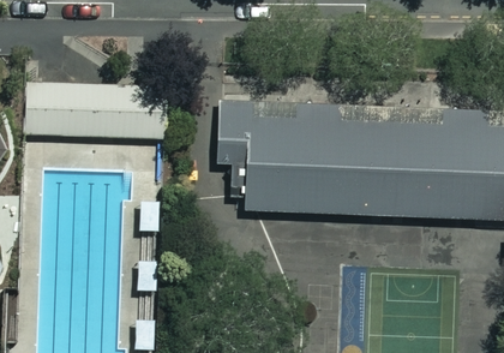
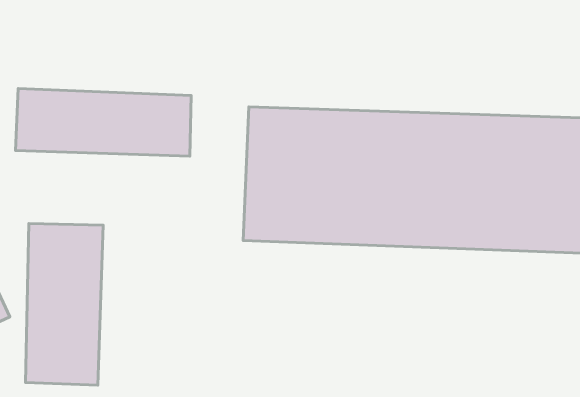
building: none -> [25,224,103,385]

